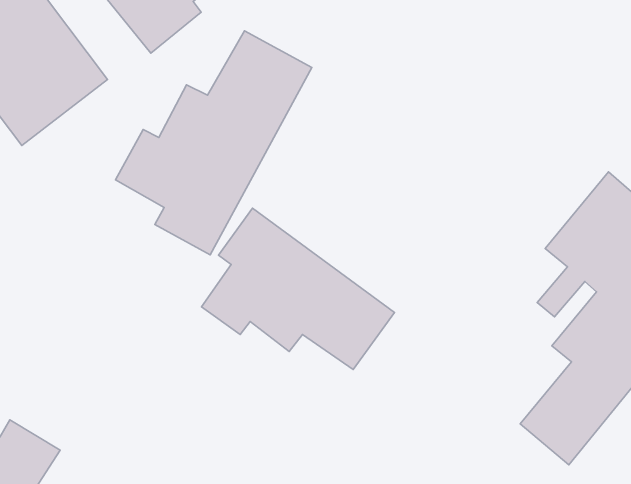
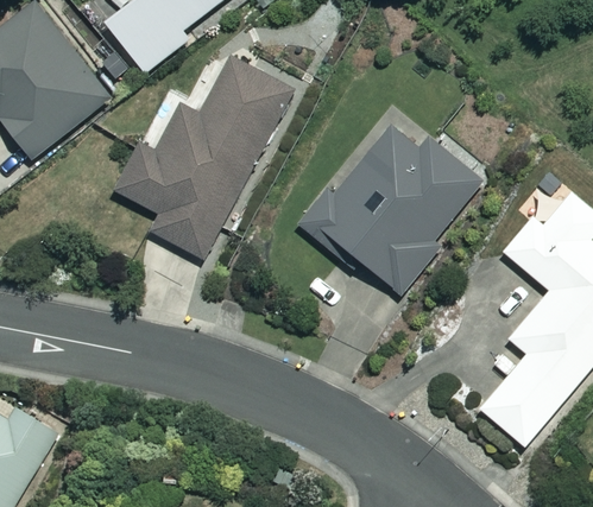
building: none -> [303,126,481,289]
building: [202,208,395,370] -> none

